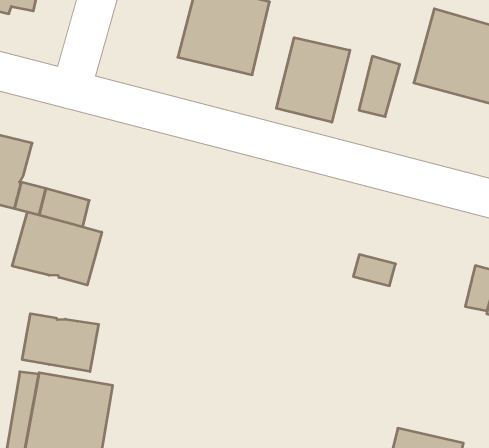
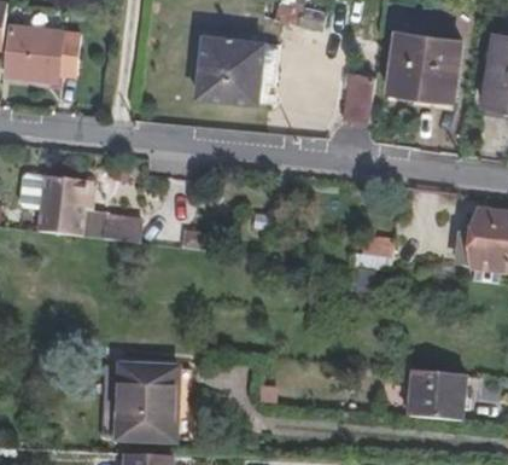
building: [276,38,350,122] -> none
building: [12,212,102,285] -> none
building: [22,314,99,372] -> none

